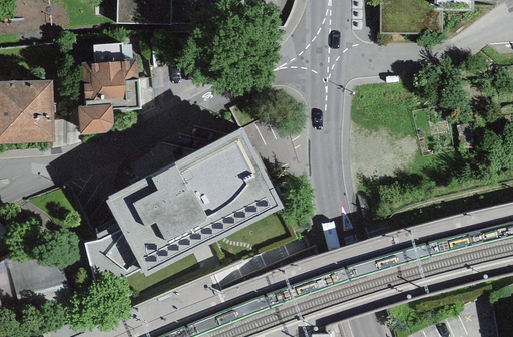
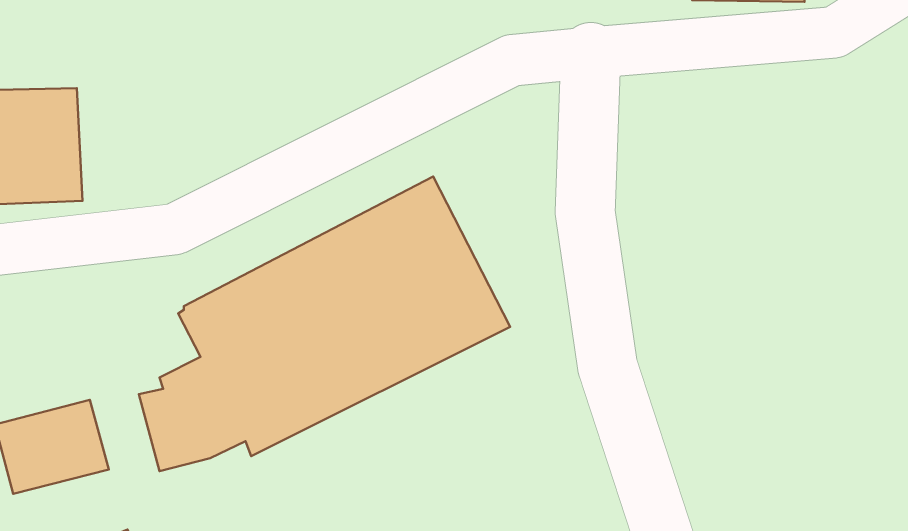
building: [78,43,140,133] -> none

